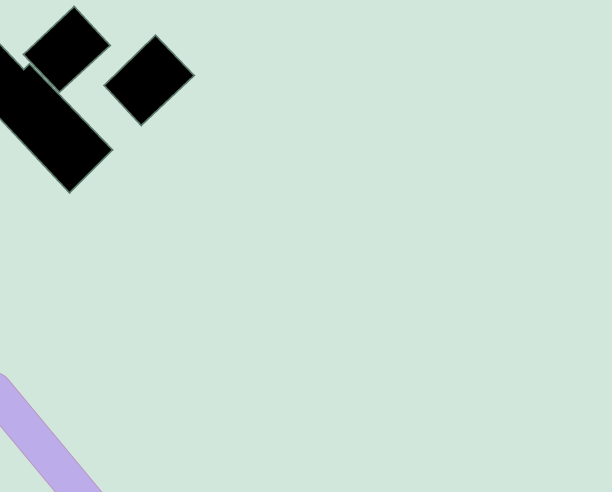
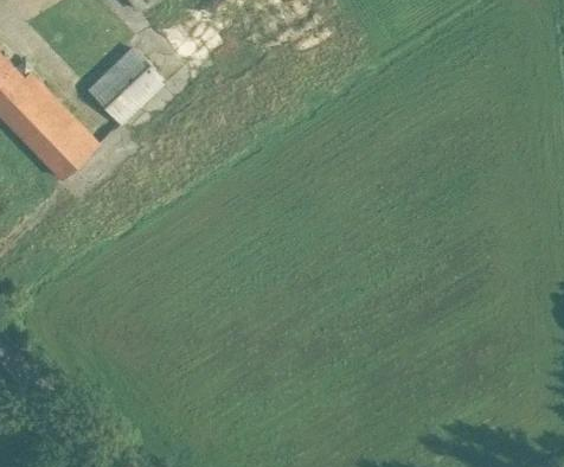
building: [23,6,110,92] -> none

